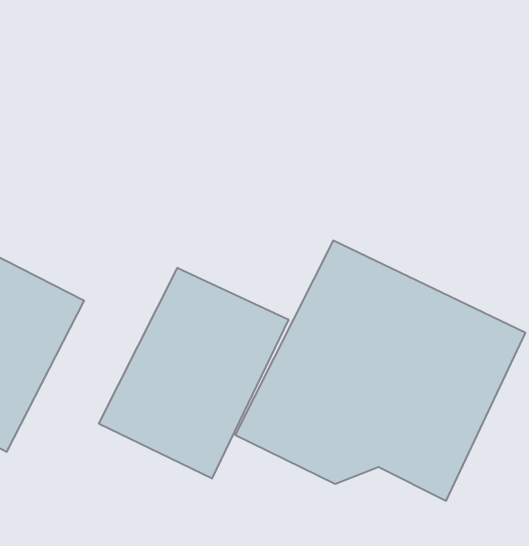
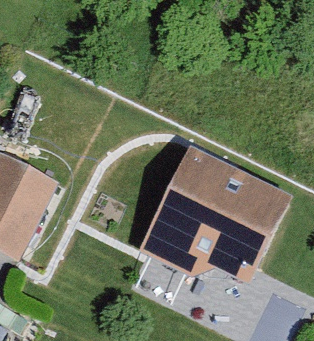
building: [99,268,288,479] -> none

